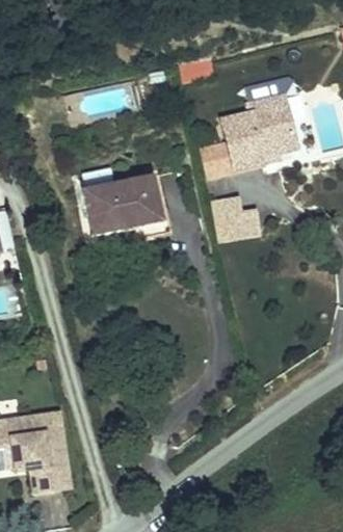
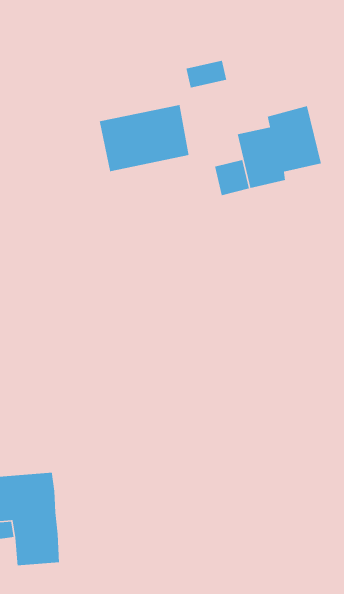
building: [85,174,164,233] -> [99,104,190,172]
building: [213,195,259,239] -> none

